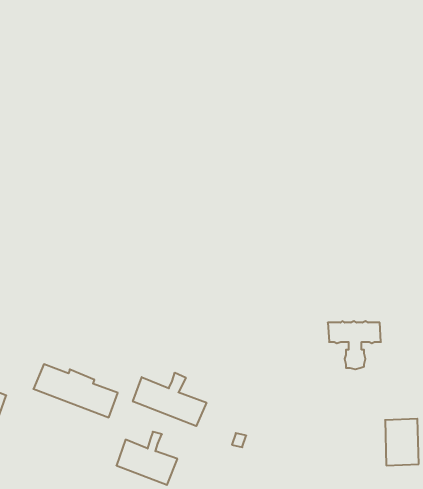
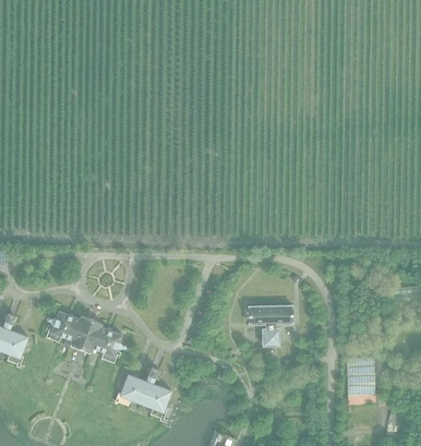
building: [328,321,381,369] -> [249,306,293,347]
building: [133,373,206,426] -> none

